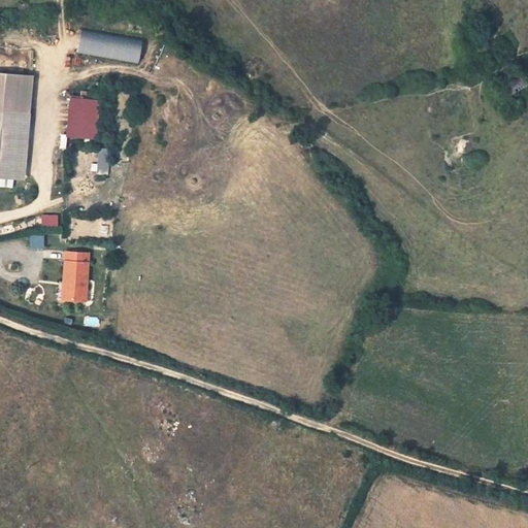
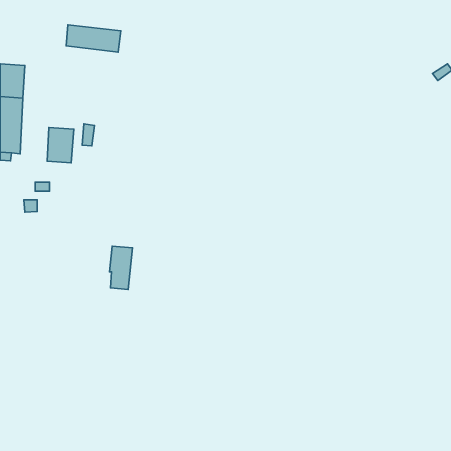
building: [66,100,97,141] -> [47,128,74,163]
building: [67,251,94,301] -> [110,246,133,289]

